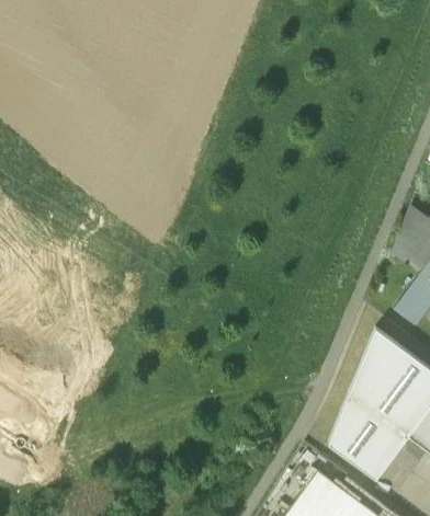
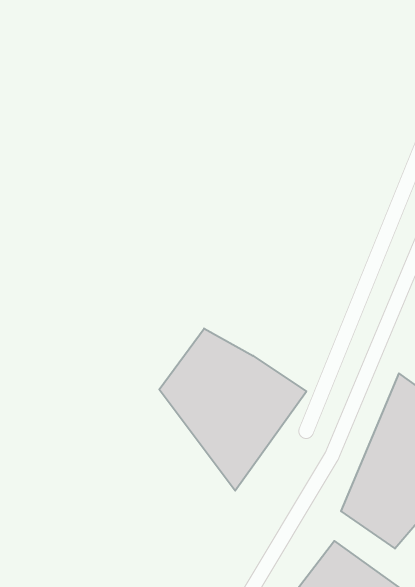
building: none -> [159,328,306,491]

